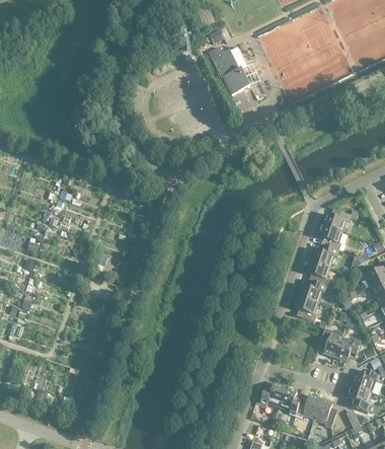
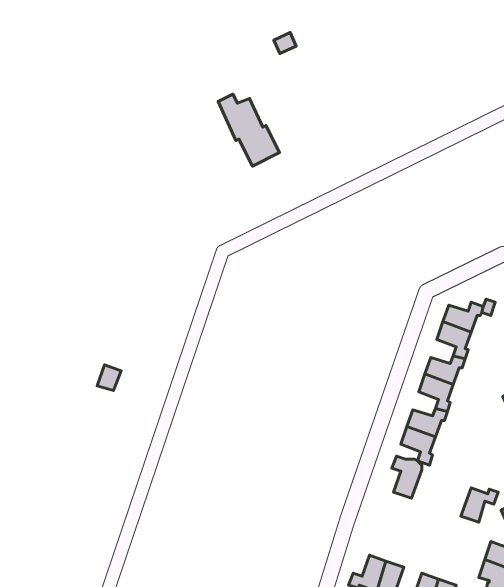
building: [209,47,250,95] -> [218,94,279,166]
building: [322,328,342,357] -> [392,456,422,498]

